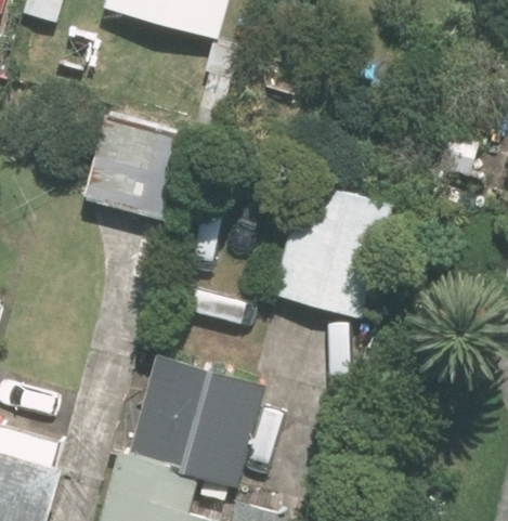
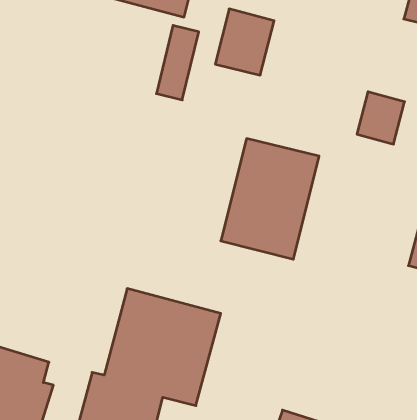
building: [77,115,188,229] -> none

